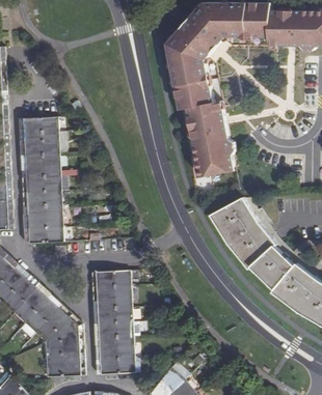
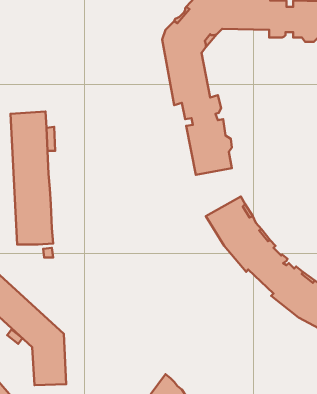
building: [96,270,134,373] -> none

